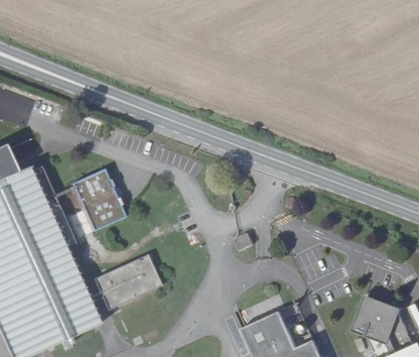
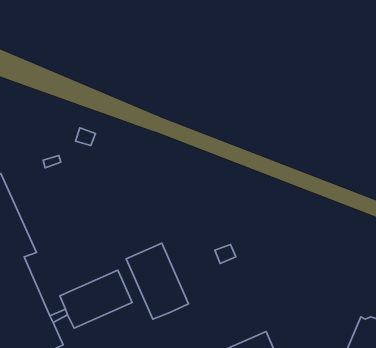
building: [66,166,120,228] -> none
building: none -> [126,243,189,319]

